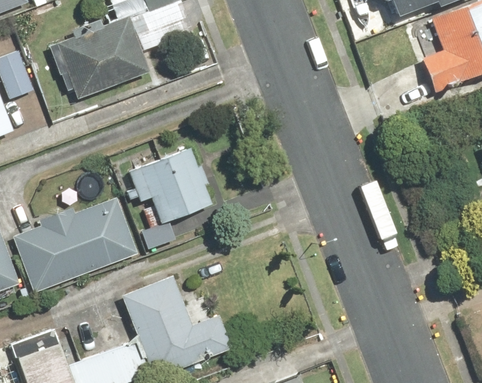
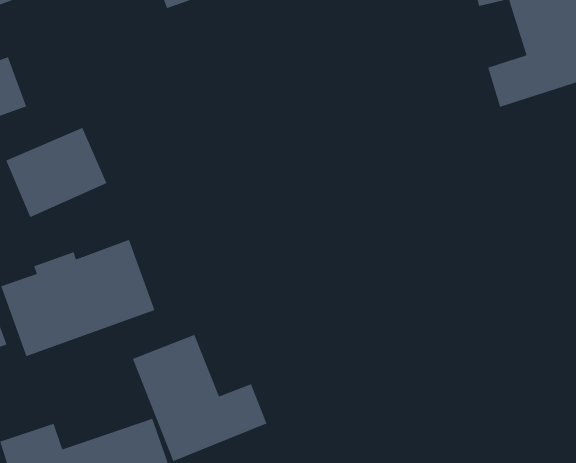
building: [60,16,143,90] -> [5,127,108,218]
building: [126,147,211,225] -> none

